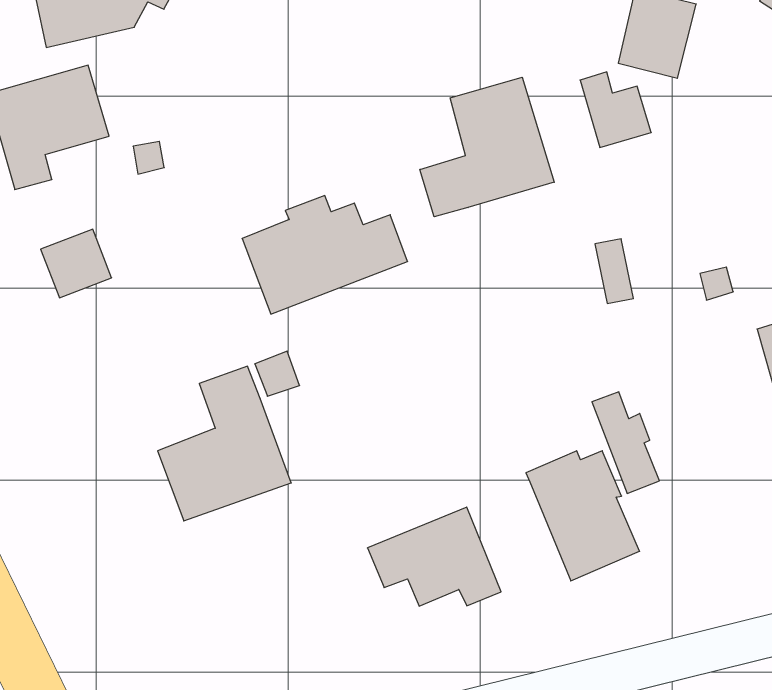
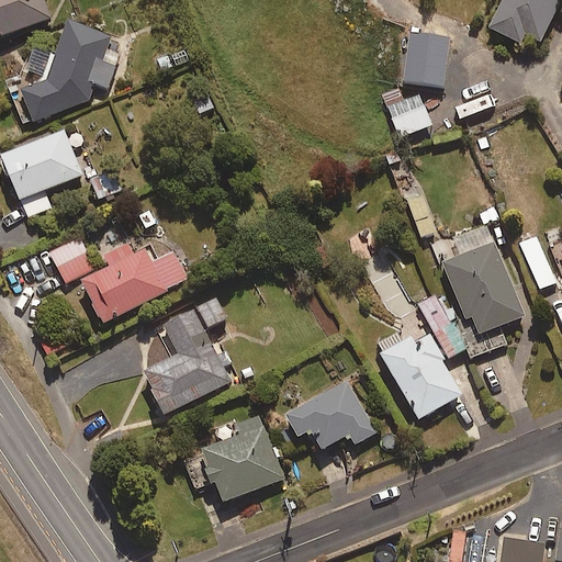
building: [420,77,554,217] -> none
building: [242,196,408,314] -> [78,244,187,325]
building: none -> [442,241,525,335]
building: none -> [186,414,284,503]

